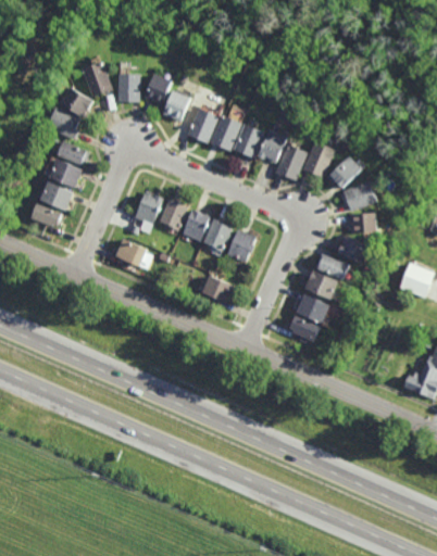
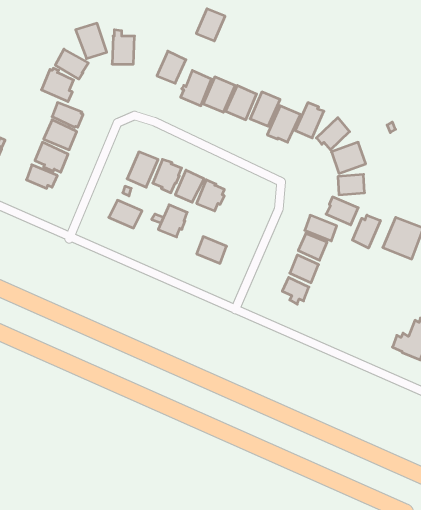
building: [143,72,173,104] -> [196,9,225,41]
building: [227,229,257,262] -> [158,205,187,237]
building: none -> [352,215,380,248]

